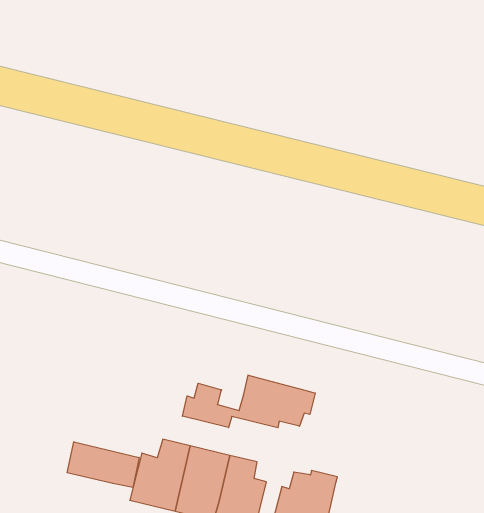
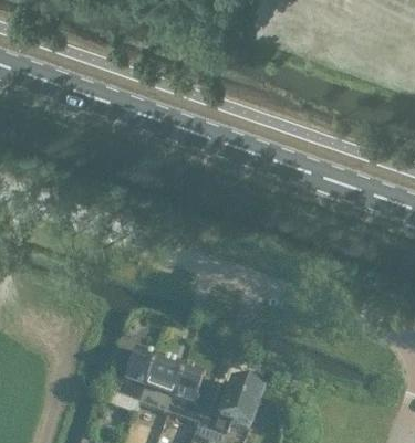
building: [182,375,315,428] -> none
building: [67,442,139,487] -> none

